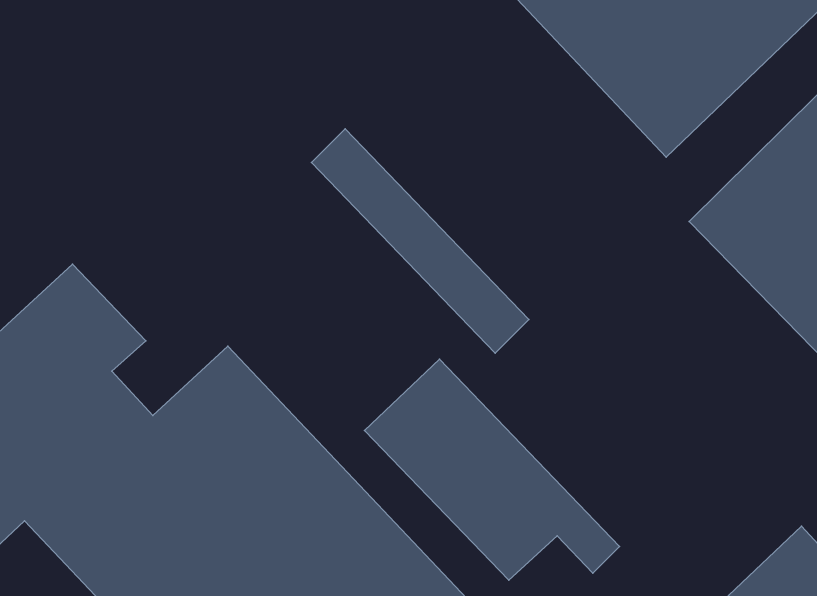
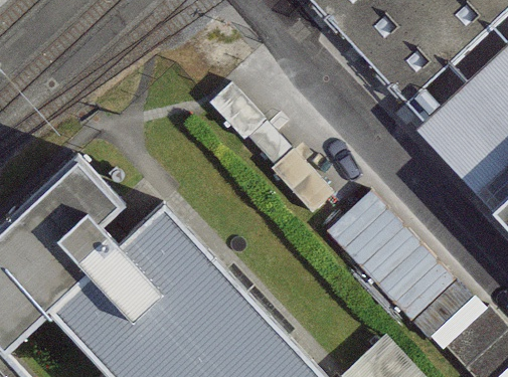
building: [365,359,619,580] -> [328,193,472,318]

